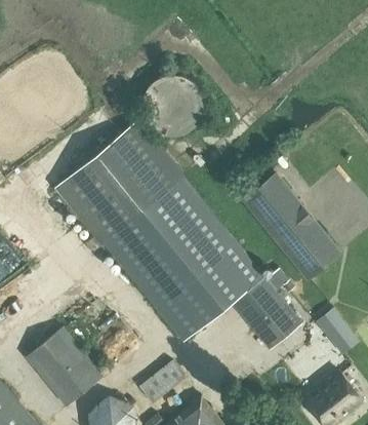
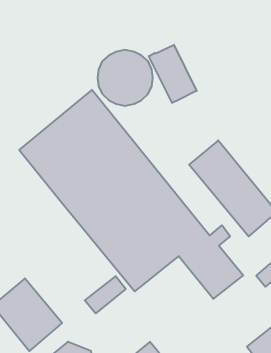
building: none -> [149,45,197,103]
building: [137,361,182,402] -> [85,276,126,313]

